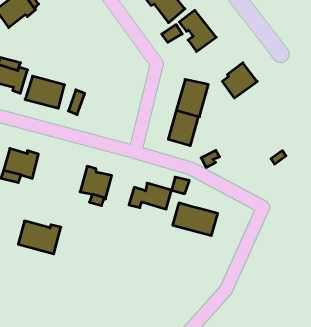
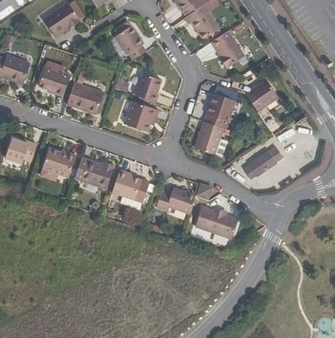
building: none -> [115,25,145,59]
building: none -> [134,71,161,102]
building: none -> [123,99,158,130]
building: none -> [243,150,277,178]
building: [18,221,61,254] -> [74,155,114,187]

